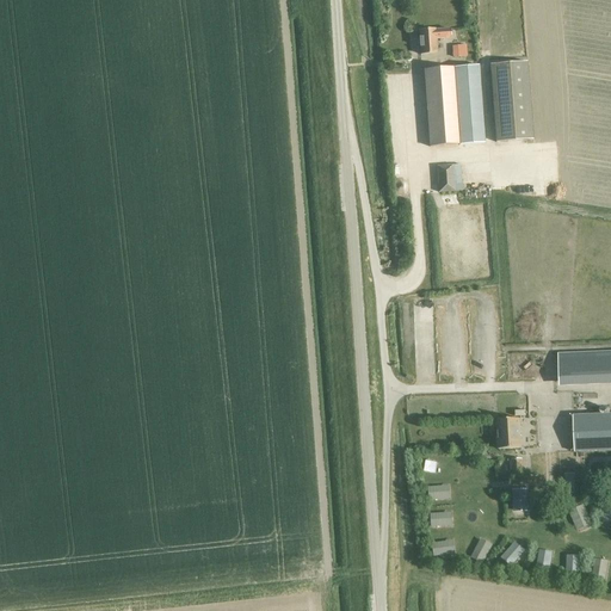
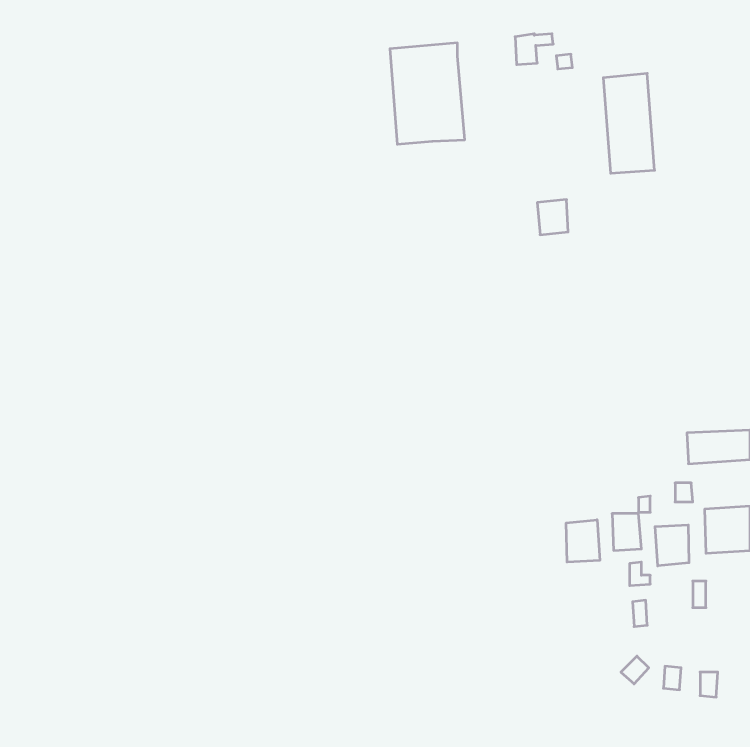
building: [424,63,485,146] -> [390,43,465,144]
building: none -> [566,520,600,562]
building: none -> [655,525,689,566]

